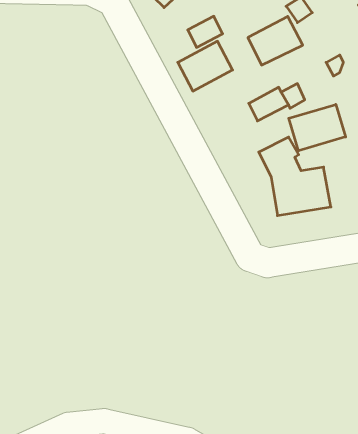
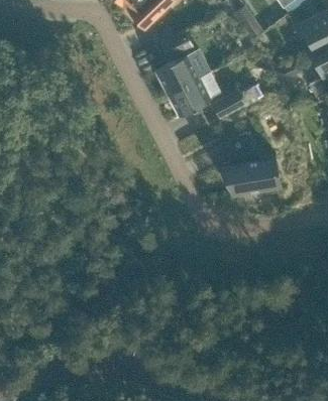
building: [248,16,303,65] -> [168,79,212,118]
building: [289,104,346,151] -> none

